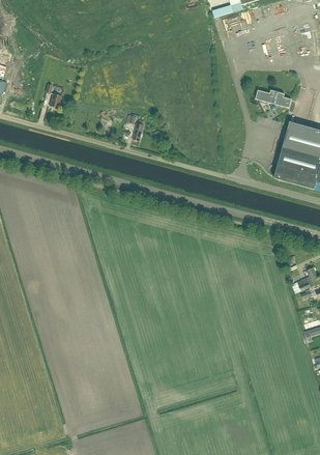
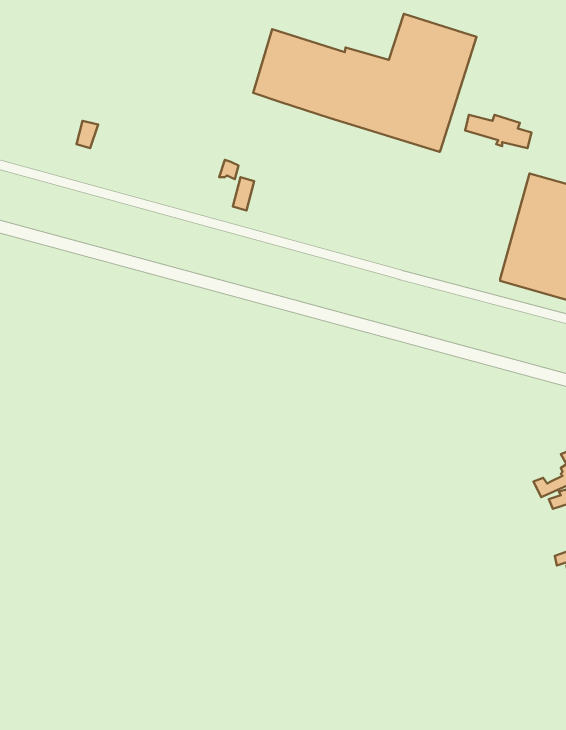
building: none -> [253,14,477,152]

